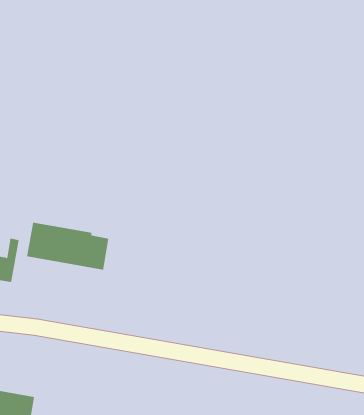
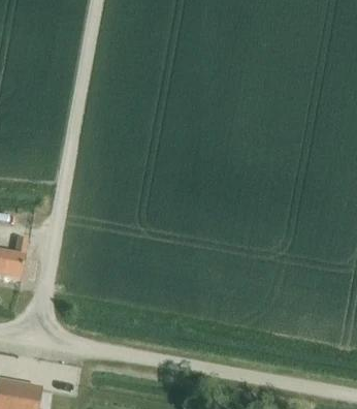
building: [26,222,109,271] -> none

